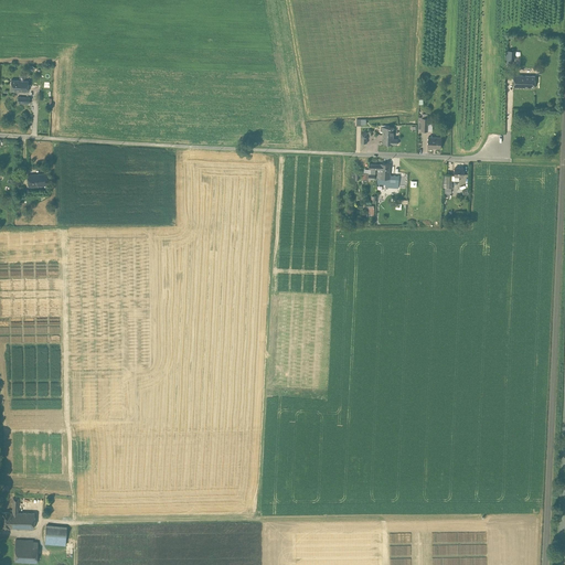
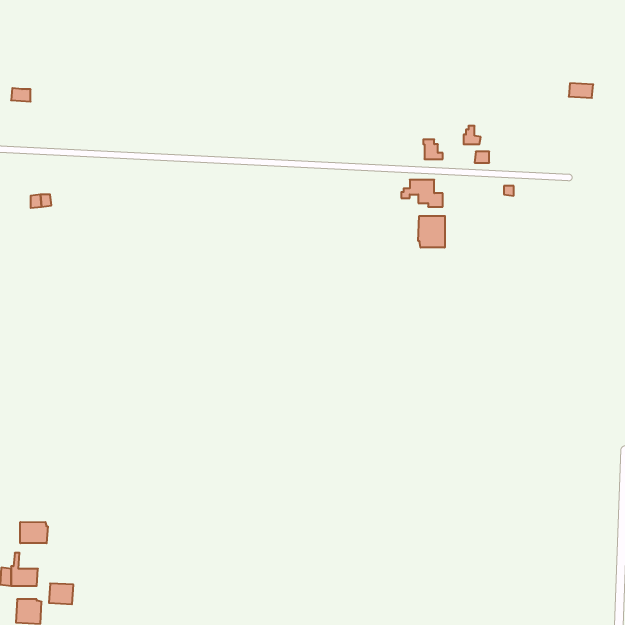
building: none -> [418,216,445,248]
building: none -> [20,522,48,543]

